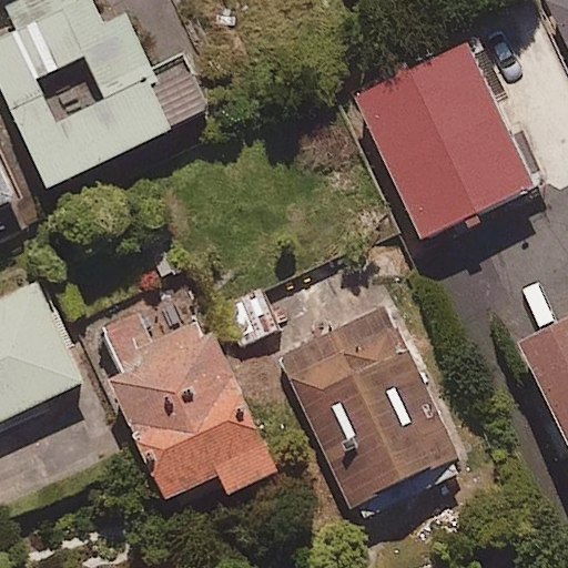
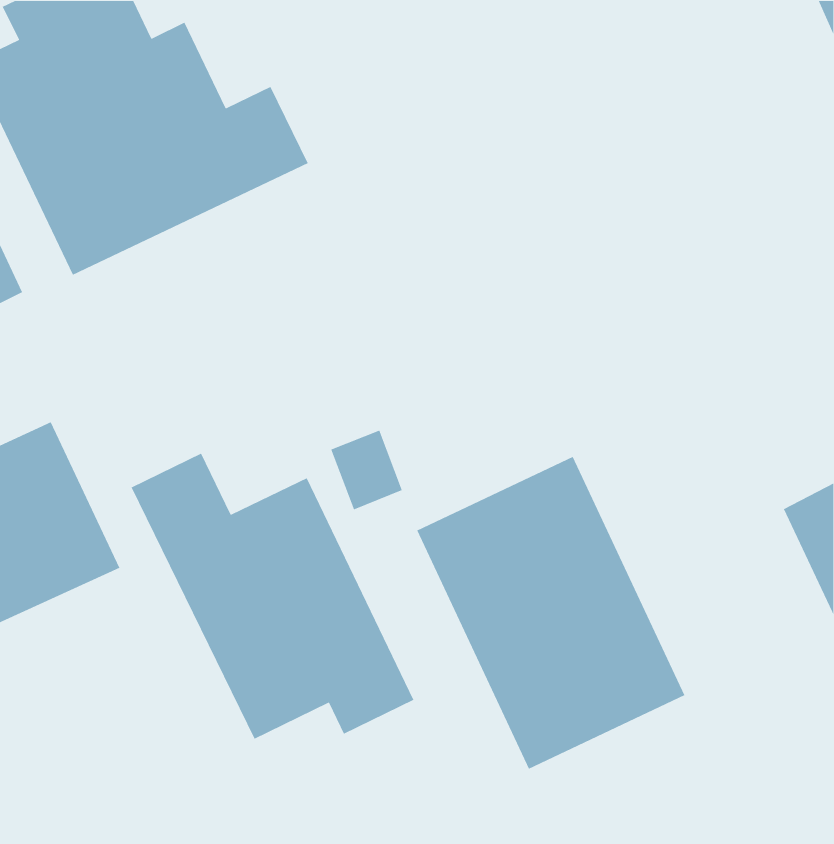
building: [352,43,534,240] -> none

